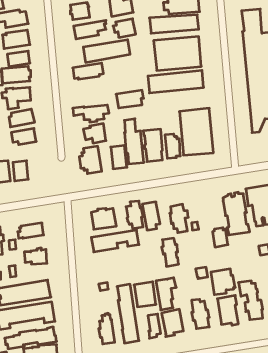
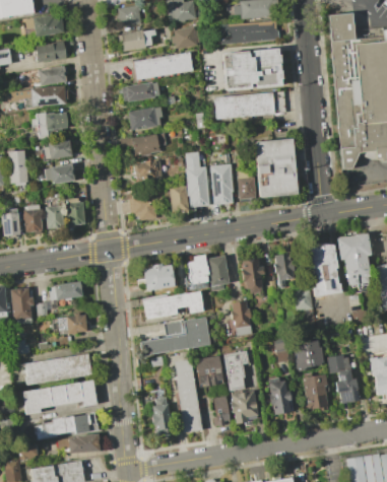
building: [116,90,144,108] -> [127,107,162,129]
building: none -> [66,197,84,224]
building: none -> [273,253,294,287]
building: none -> [141,318,211,356]

